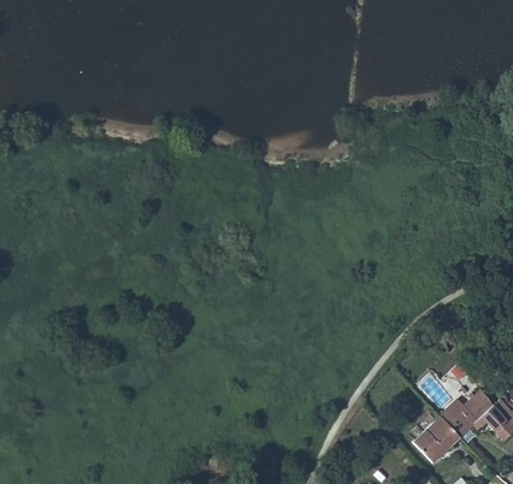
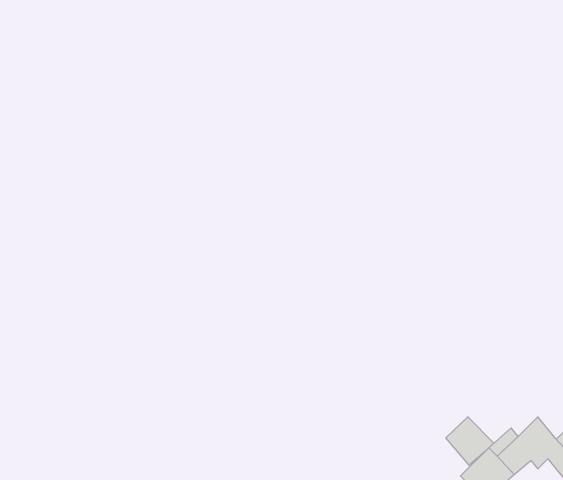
building: none -> [446,417,494,465]

